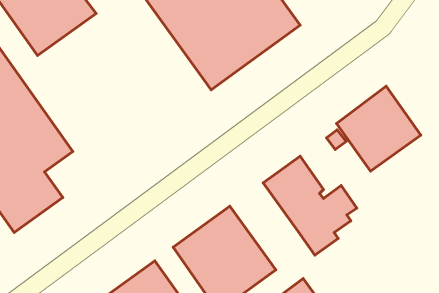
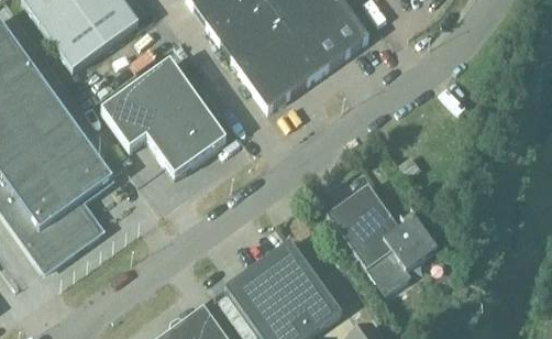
building: none -> [101,59,227,175]
building: [336,86,421,171] -> none

